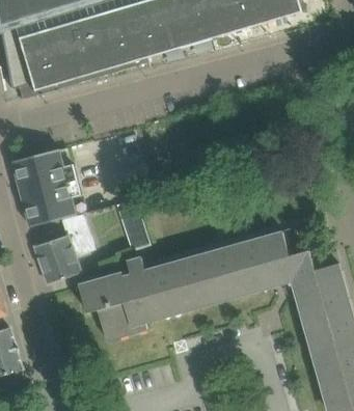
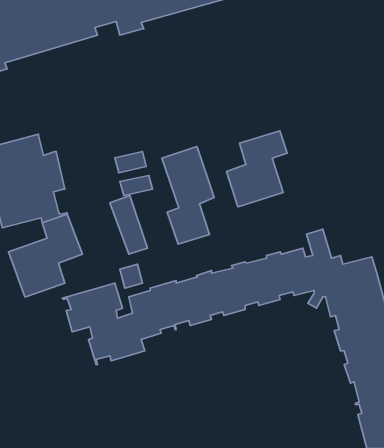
building: none -> [226,131,287,207]
building: none -> [162,146,214,244]

